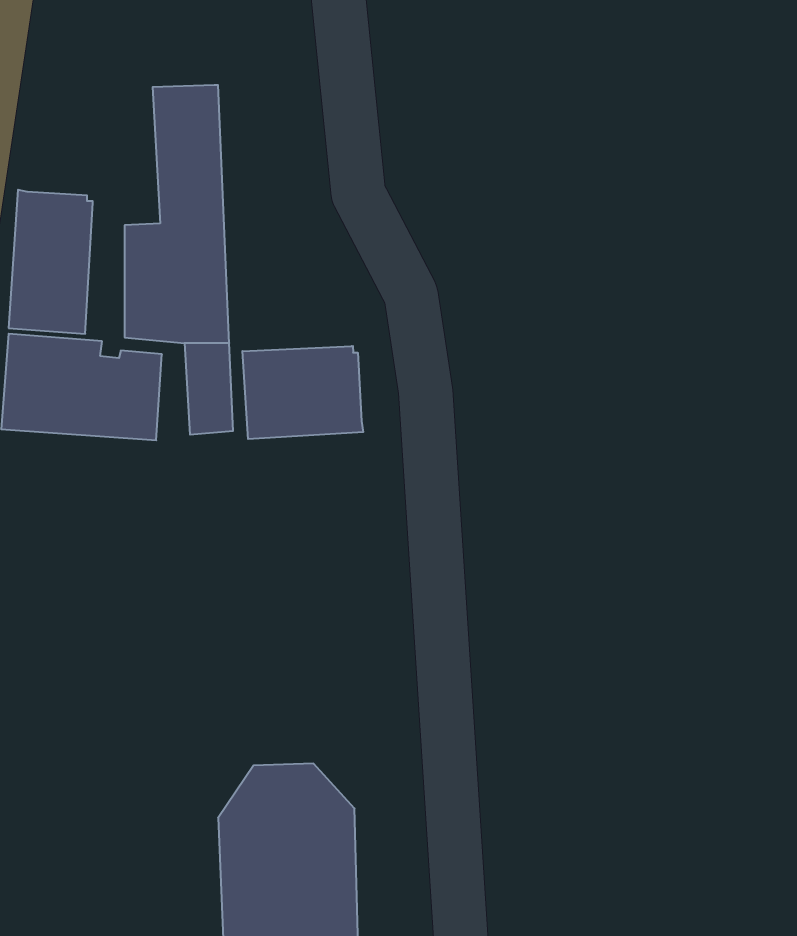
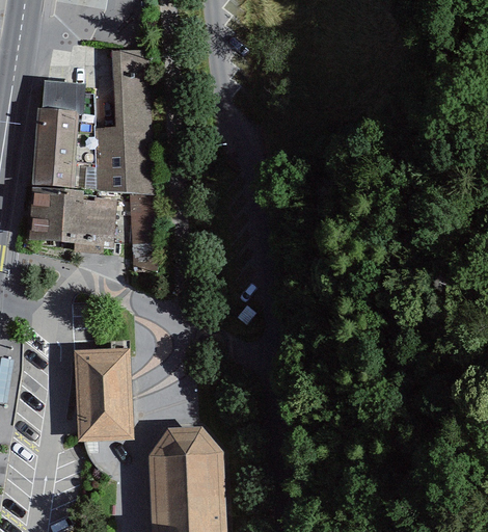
building: none -> [42,80,84,115]
building: [242,346,363,439] -> none
building: none -> [74,346,133,441]

